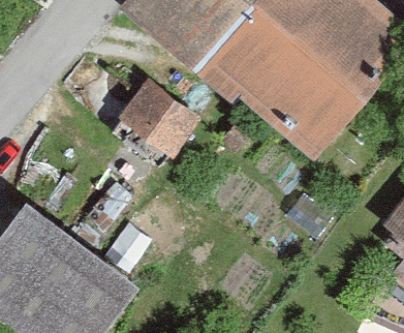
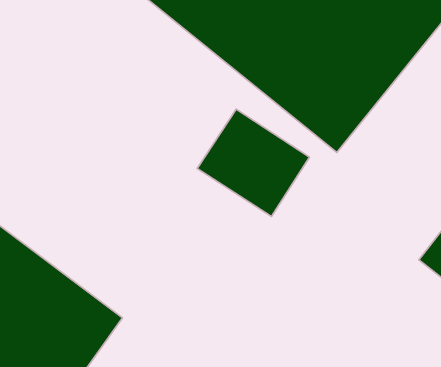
building: [117,84,209,172] -> [197,109,309,216]

